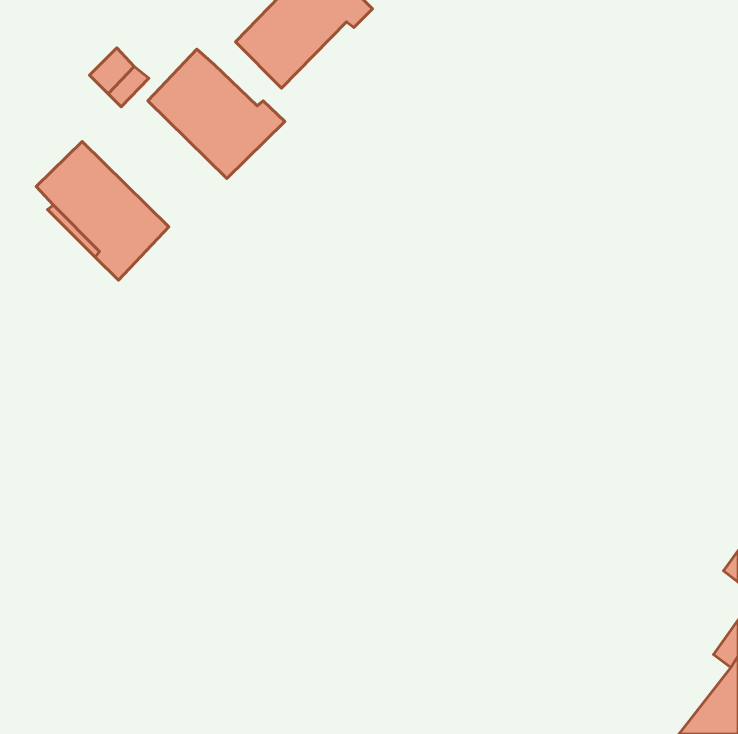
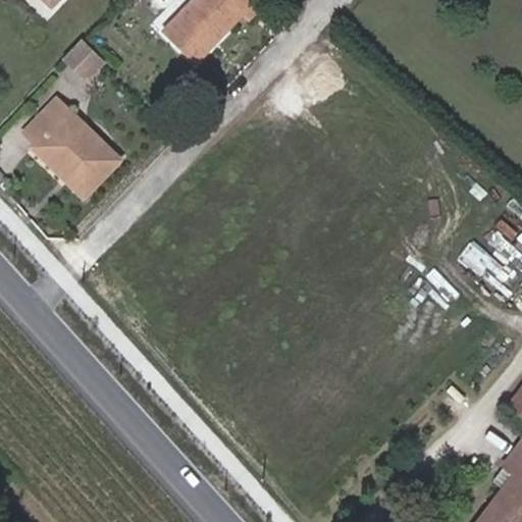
building: [148,49,285,179] -> none

